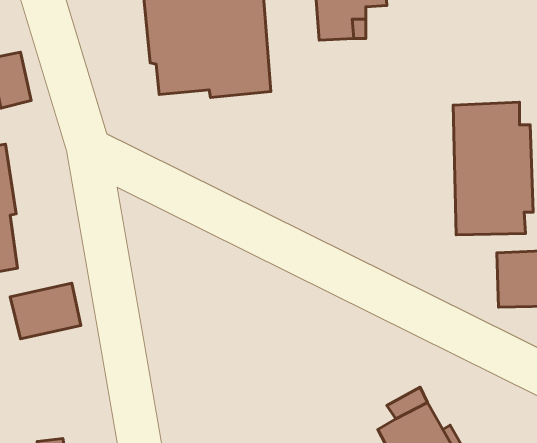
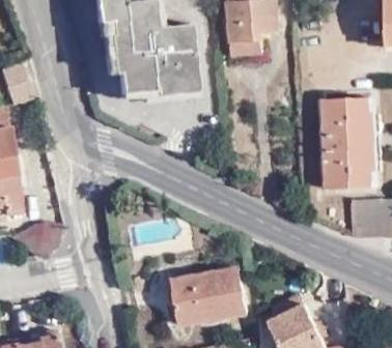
building: none -> [171,268,243,325]

